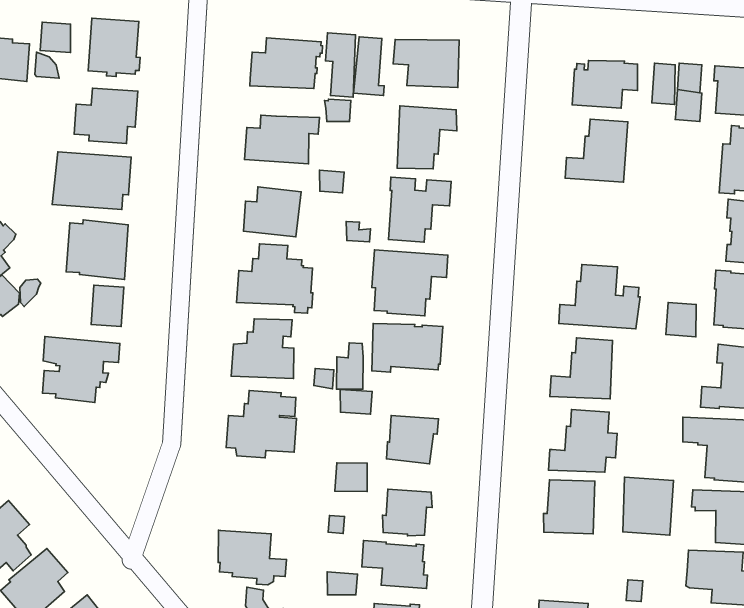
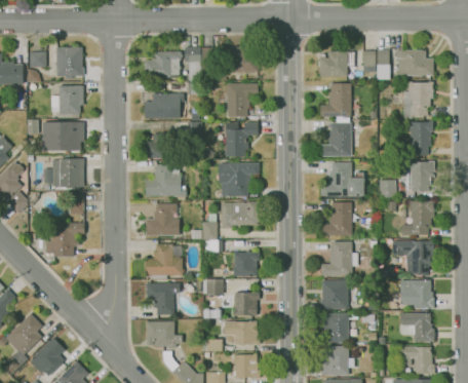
building: none -> [320,116,352,156]
building: none -> [146,283,180,315]
building: [623,477,674,535] -> [321,312,348,342]

